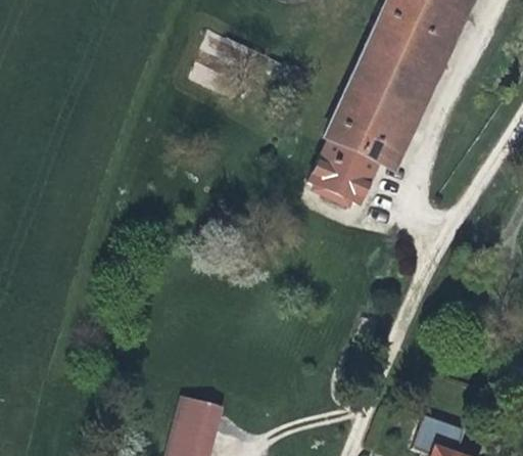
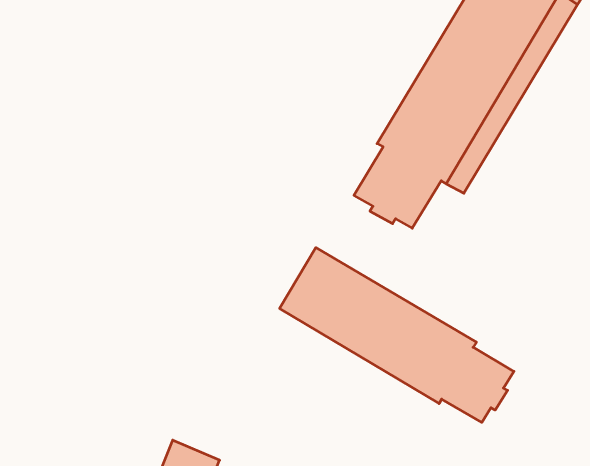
building: none -> [280,248,514,422]

